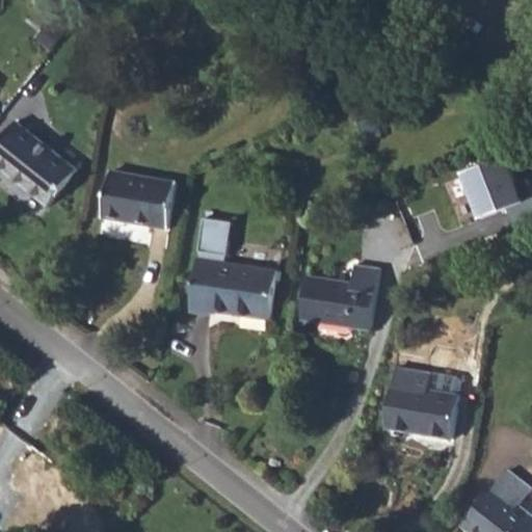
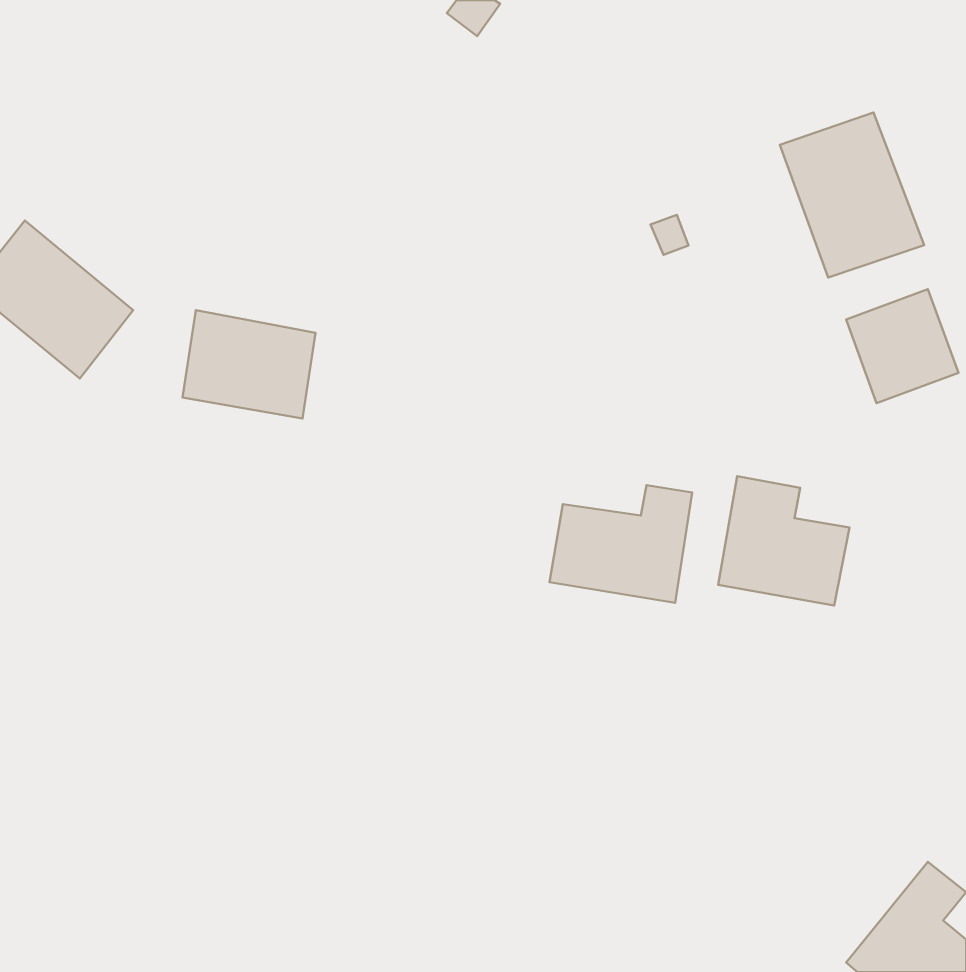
building: none -> [780,113,924,278]
building: [190,217,274,318] -> none
building: [385,367,457,437] -> [718,476,850,606]

